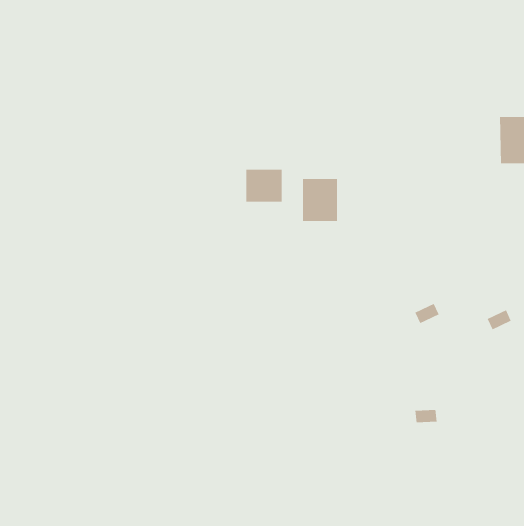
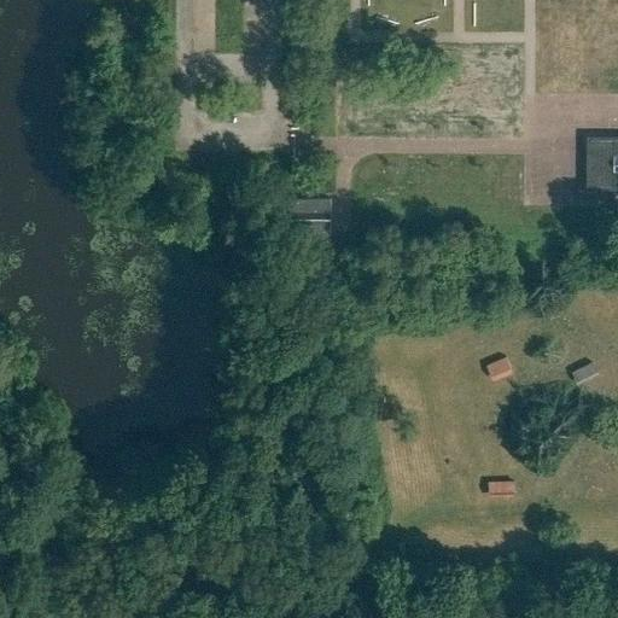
building: [302,178,337,222] -> none

